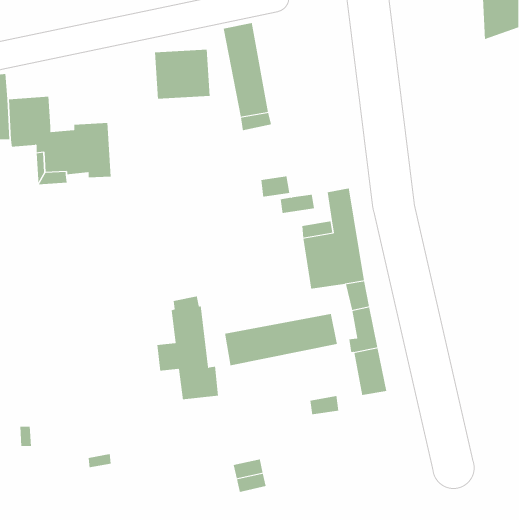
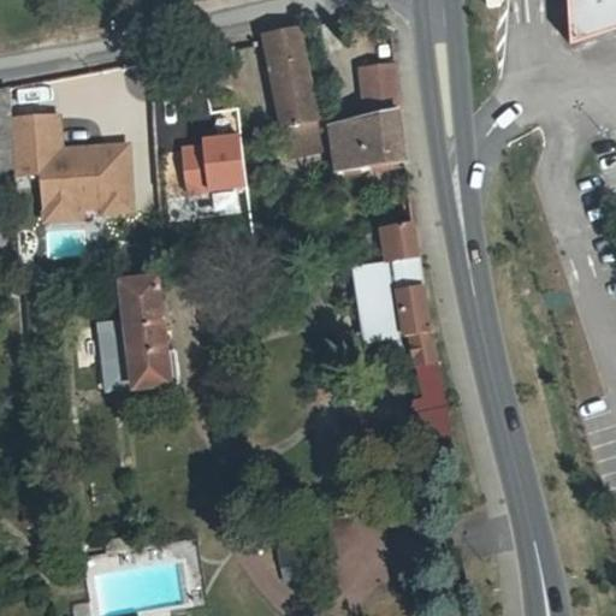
building: [154,49,210,99] -> [173,132,239,191]
building: none -> [327,64,404,171]
building: [157,296,219,400] -> [103,266,177,389]
building: [224,313,338,366] -> none

